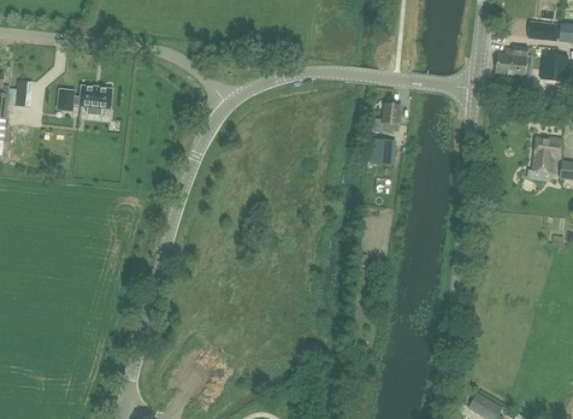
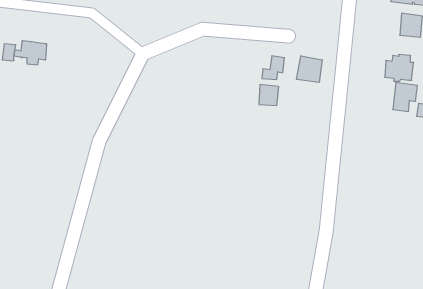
building: [496,45,531,77] -> [385,54,414,81]
building: none -> [296,56,322,82]

